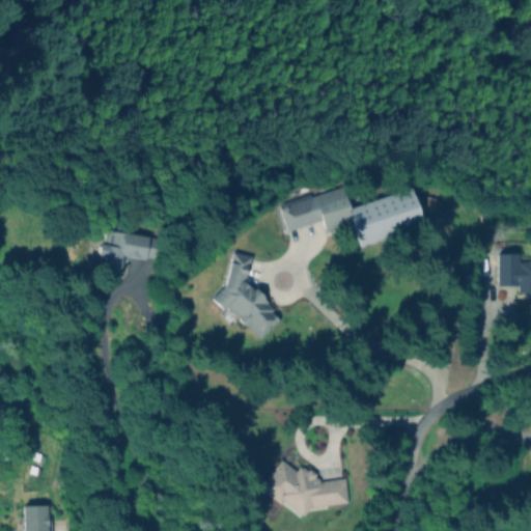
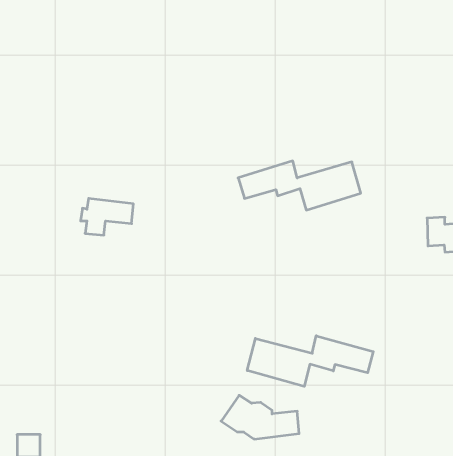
building: [214,252,283,340] -> none
building: none -> [247,336,373,386]

